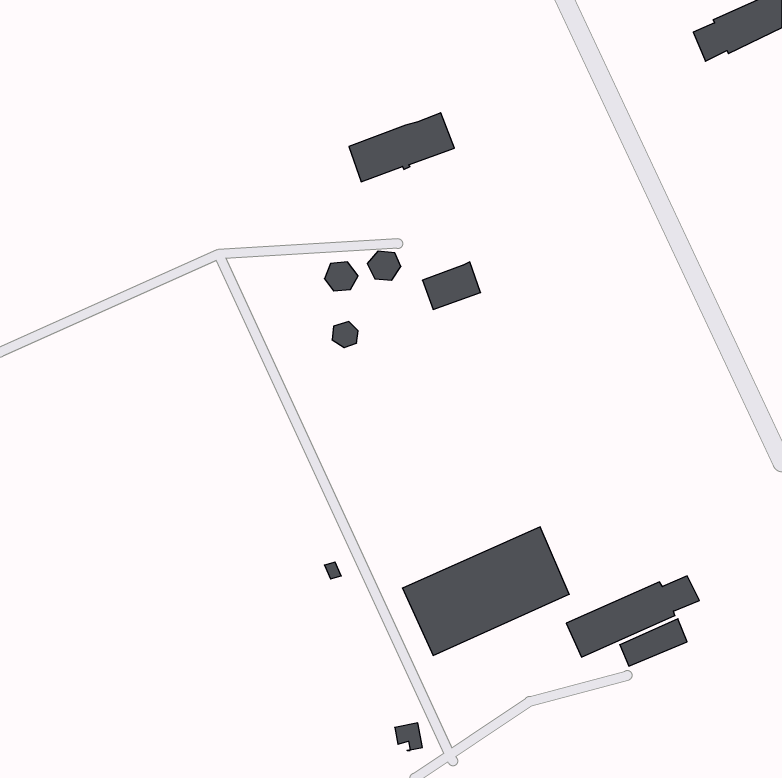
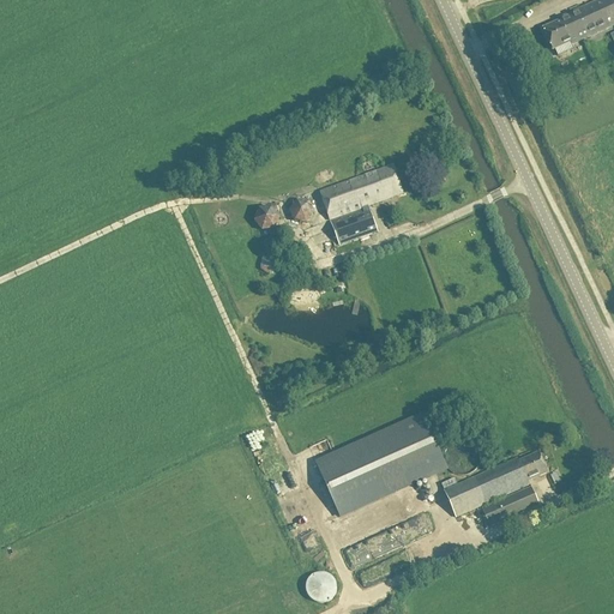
building: [349,113,454,182] -> [320,163,403,217]

